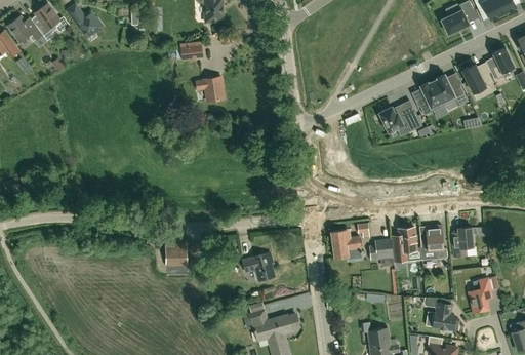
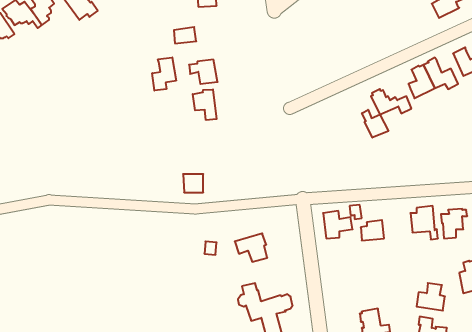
building: none -> [152,57,176,91]
building: none -> [193,89,217,120]
building: none -> [362,110,388,138]
building: [392,227,416,261] -> none
building: [166,244,187,263] -> [183,174,203,192]

